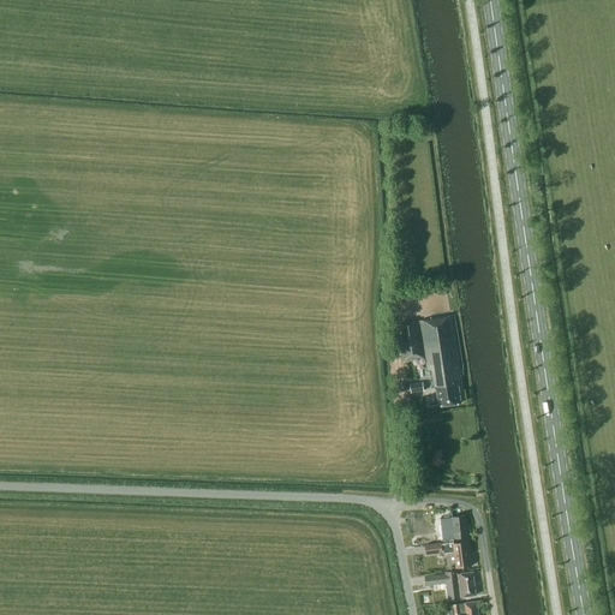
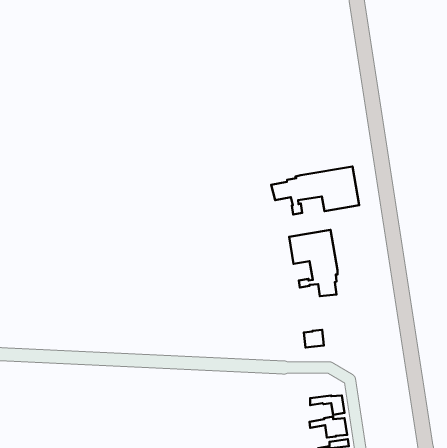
building: none -> [271,166,359,215]
building: [441,515,468,539] -> [304,330,324,347]

